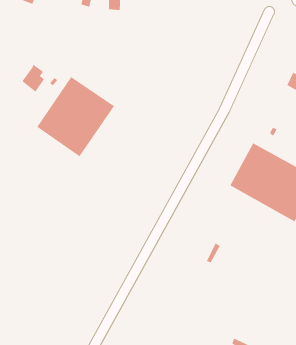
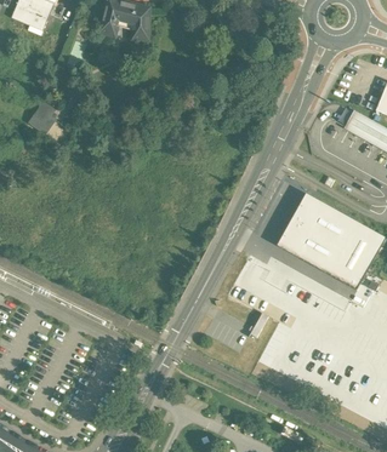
building: [37,76,115,157] -> none

